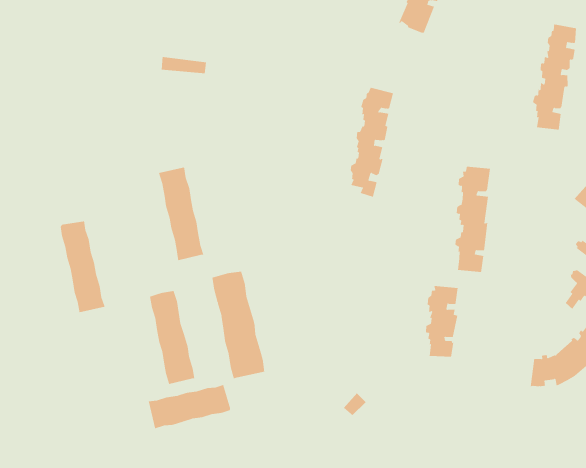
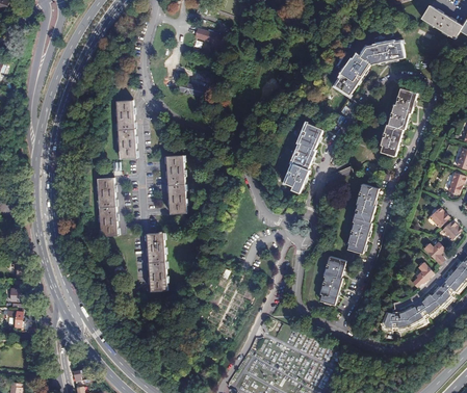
building: [532,24,577,130] -> [380,87,416,156]
building: none -> [115,100,136,158]
building: [212,271,265,379] -> none
building: [148,384,231,429] -> none

